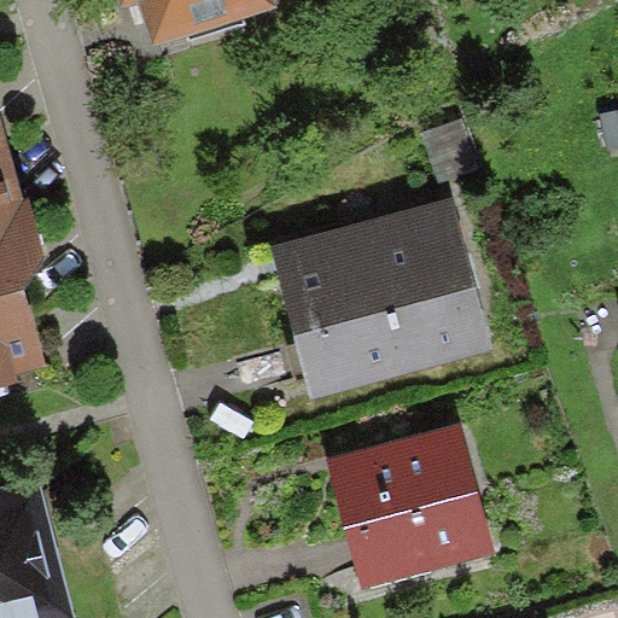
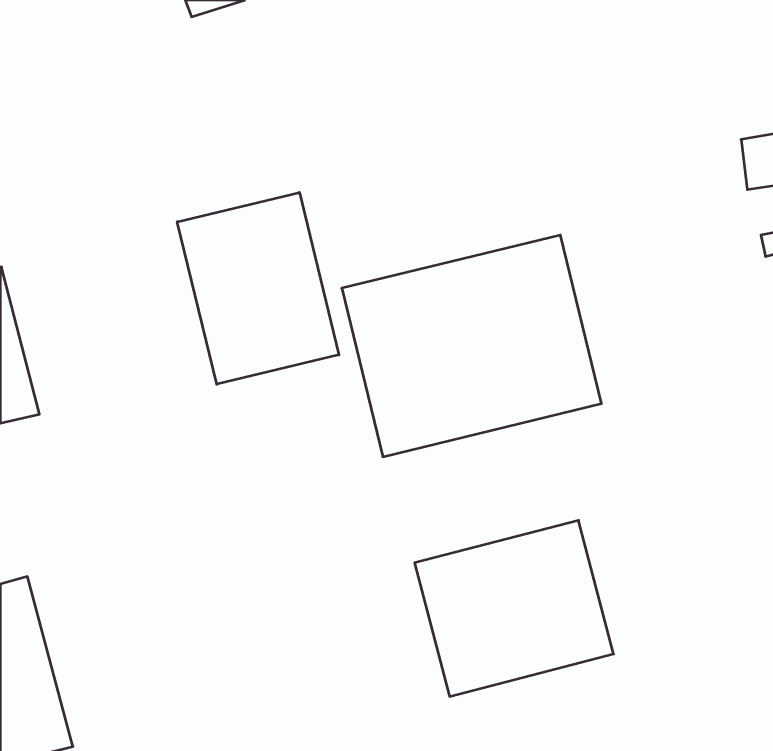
building: none -> [177,192,339,384]

